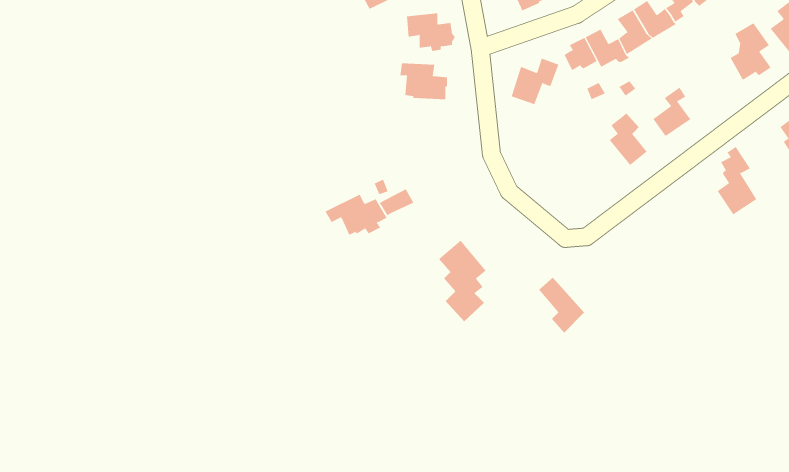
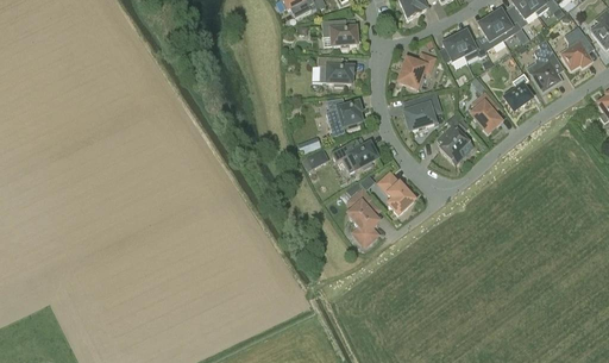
building: none -> [404,94,439,130]
building: none -> [327,96,362,127]
building: none -> [438,112,469,163]
building: [717,146,757,215] -> [532,39,561,90]
building: [325,194,387,236] -> [332,139,378,170]
building: [538,277,585,333] -> [379,173,414,214]

